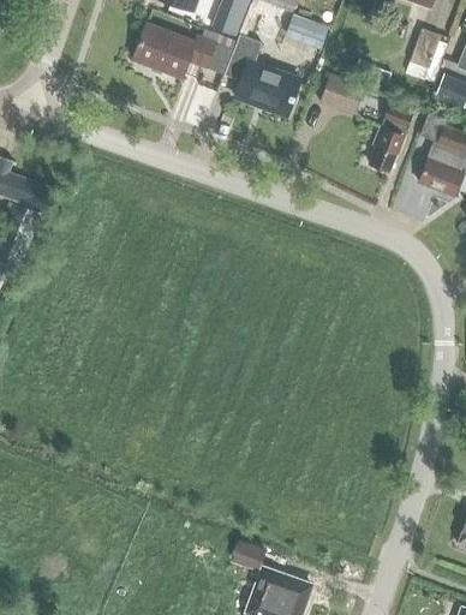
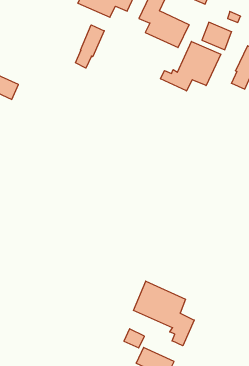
building: none -> [75,25,104,68]
building: none -> [161,41,221,91]
building: none -> [133,281,194,346]

